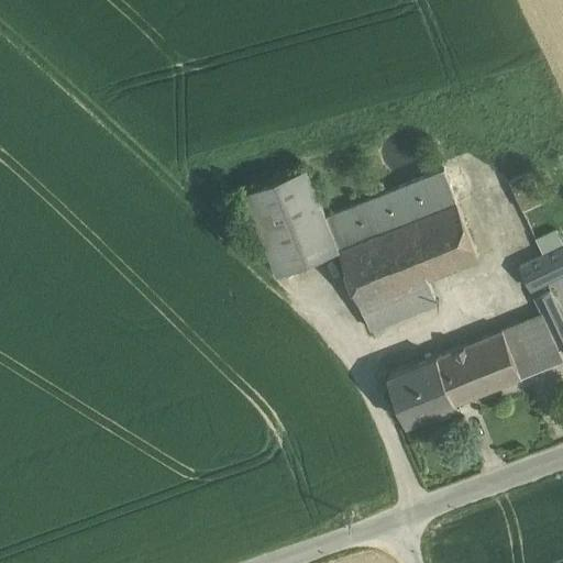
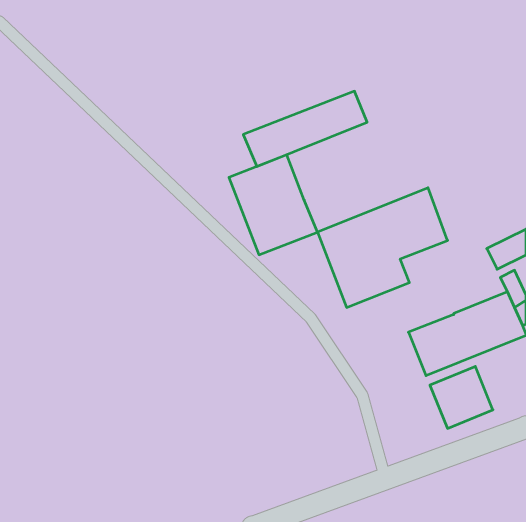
building: [324,173,456,253] -> [243,91,367,167]
building: [387,360,454,426] -> [430,366,493,428]

